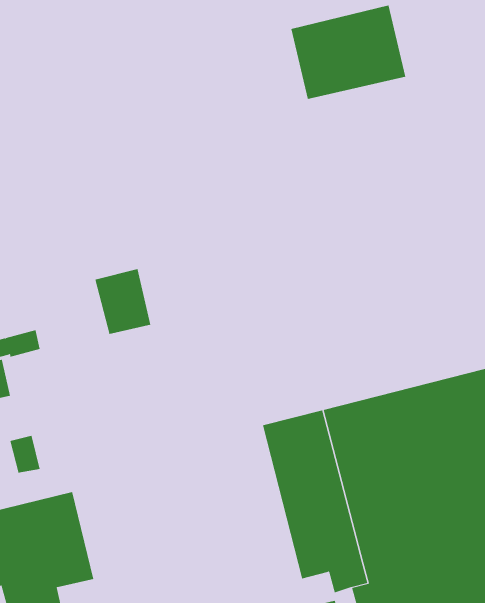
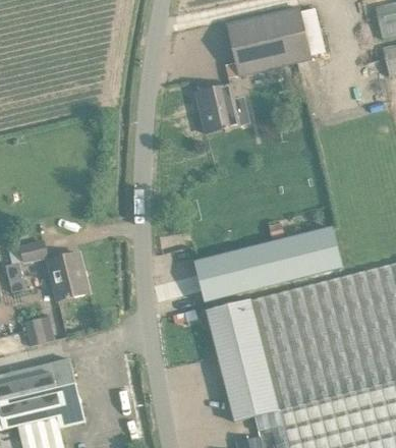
building: none -> [195,85,248,133]
building: [95,268,151,335] -> [47,253,88,300]
building: none -> [193,227,342,301]

